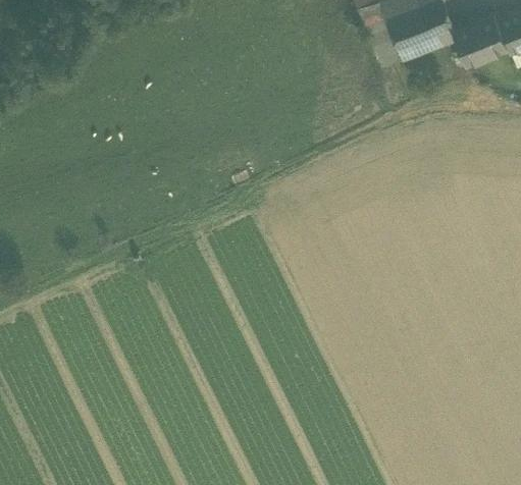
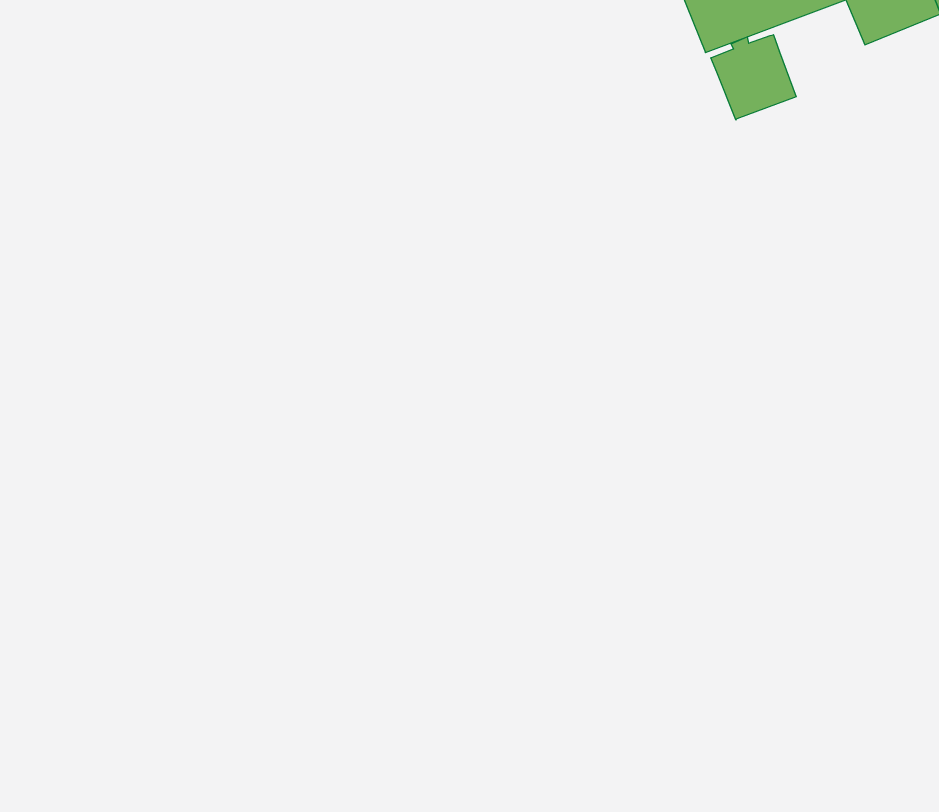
building: none -> [711,35,796,120]

